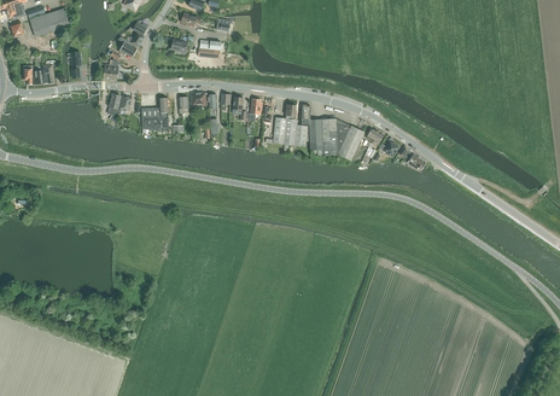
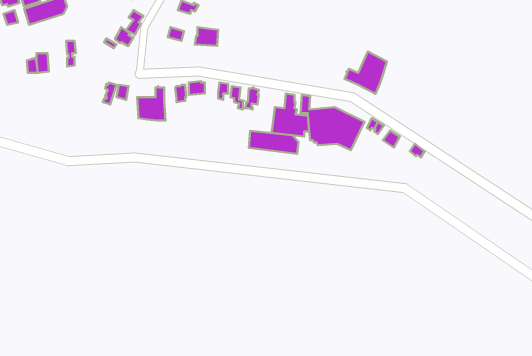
building: none -> [345,52,387,94]
building: none -> [249,131,298,154]

